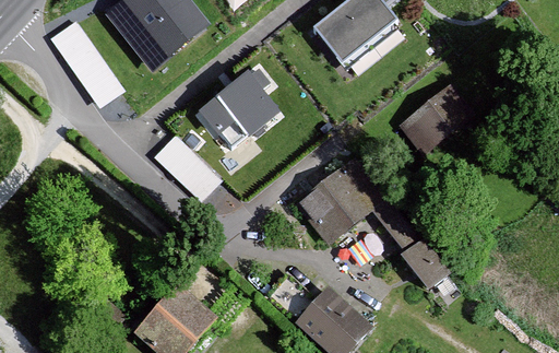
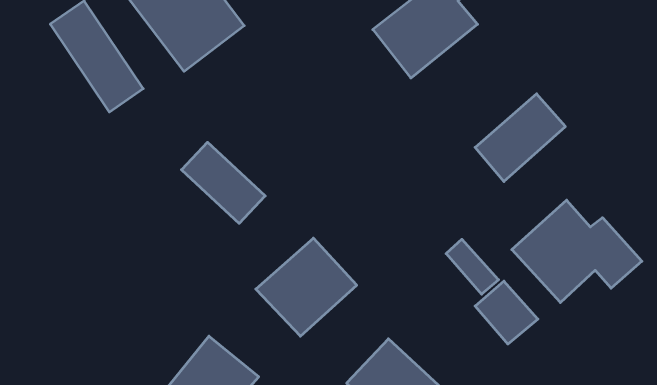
building: [193,68,277,149] -> none
building: [297,167,381,249] -> [256,238,357,336]
building: none -> [512,200,642,303]

